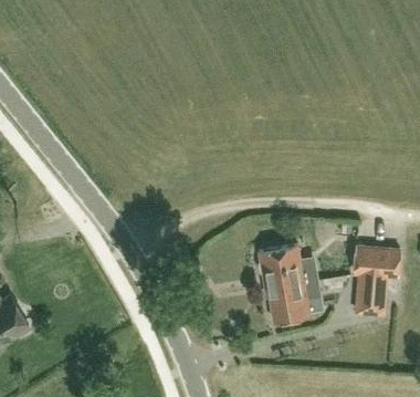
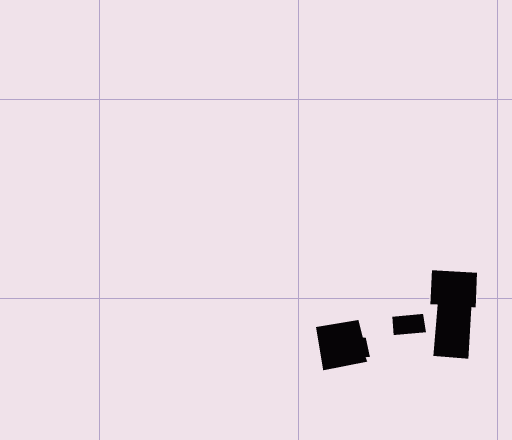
building: [259,243,305,289] -> none

